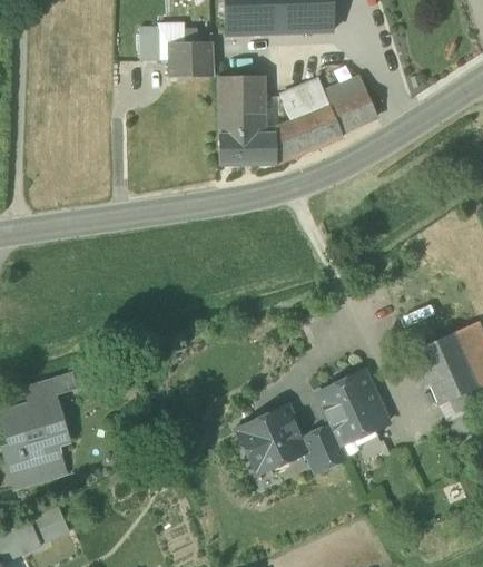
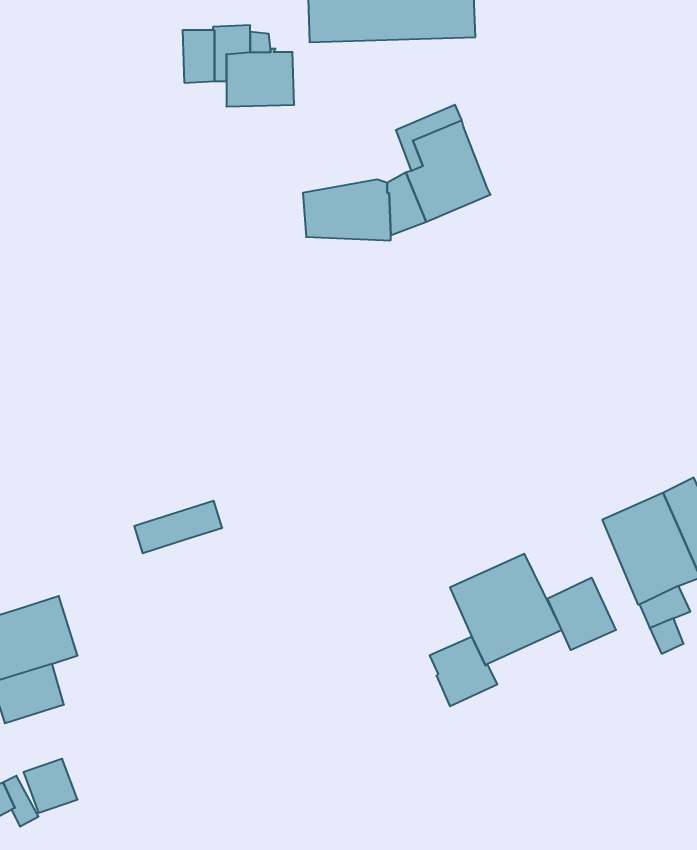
building: [325,74,378,130] -> none
building: [217,75,268,134] -> none
building: [26,373,83,408] -> [134,501,222,553]
building: none -> [547,578,616,650]
building: [237,405,308,473] -> none

